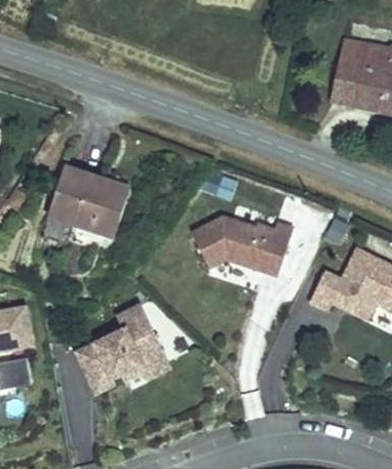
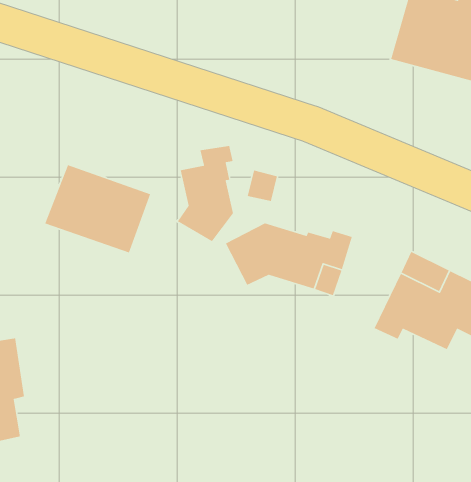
building: none -> [177,145,234,242]
building: [71,300,171,393] -> none

